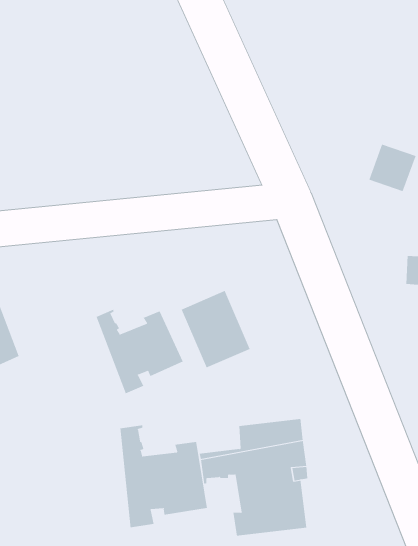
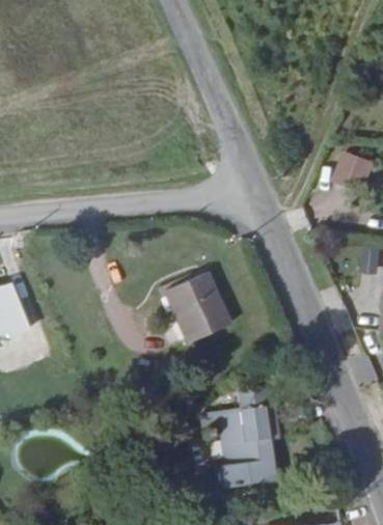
building: [96,309,183,394] -> none
building: [120,425,208,528] -> none

